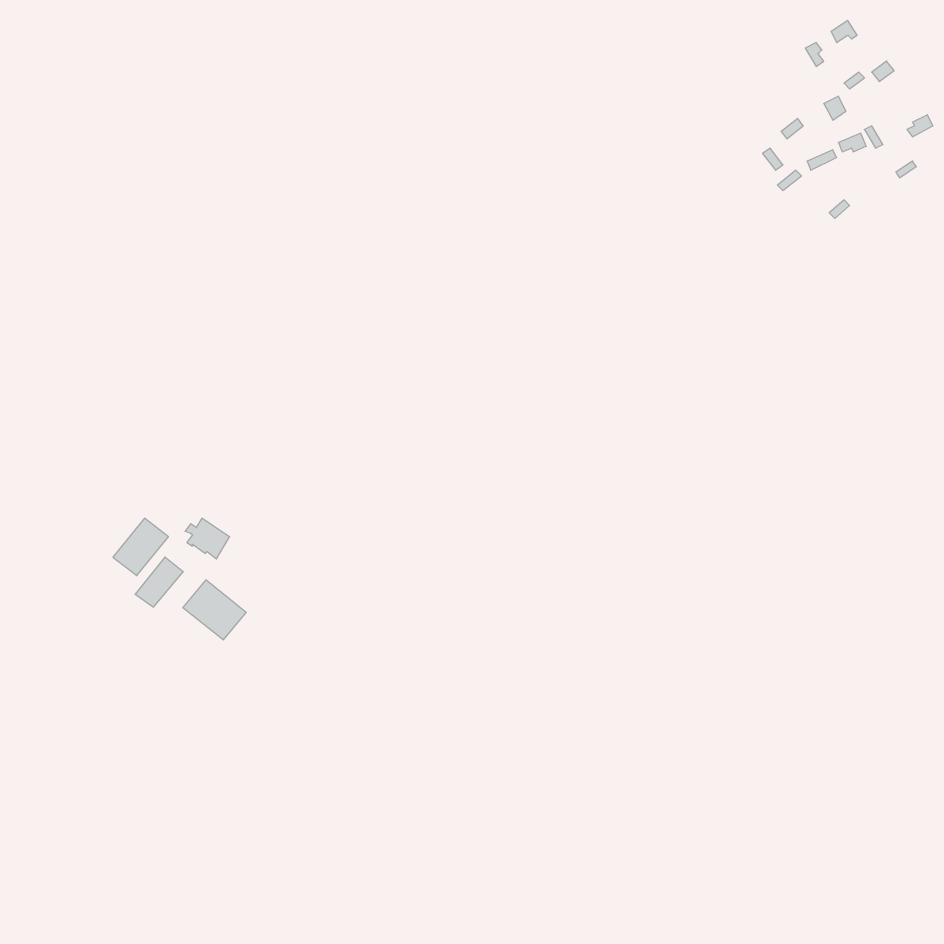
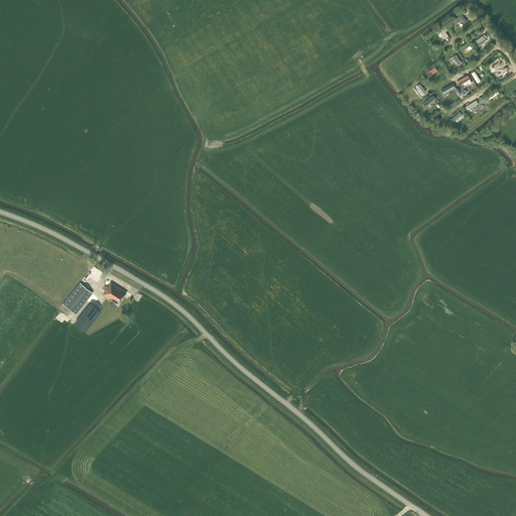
building: [183,580,246,640] -> none

